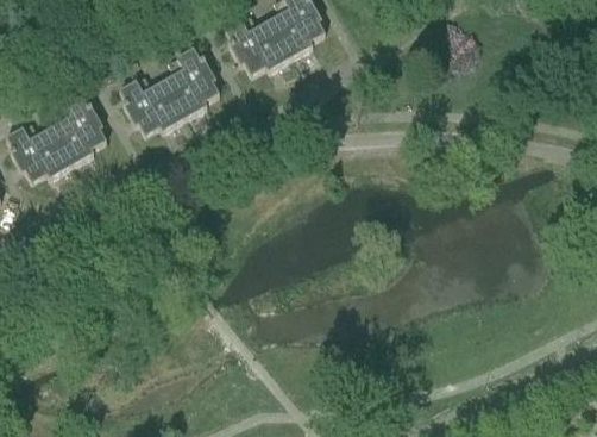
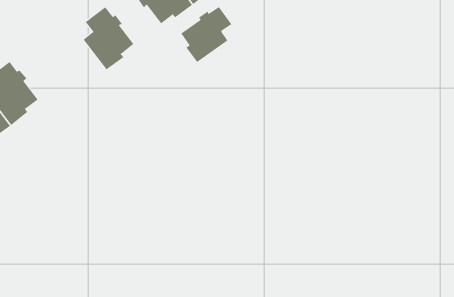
building: none -> [181,6,232,63]
building: [119,74,184,135] -> none

